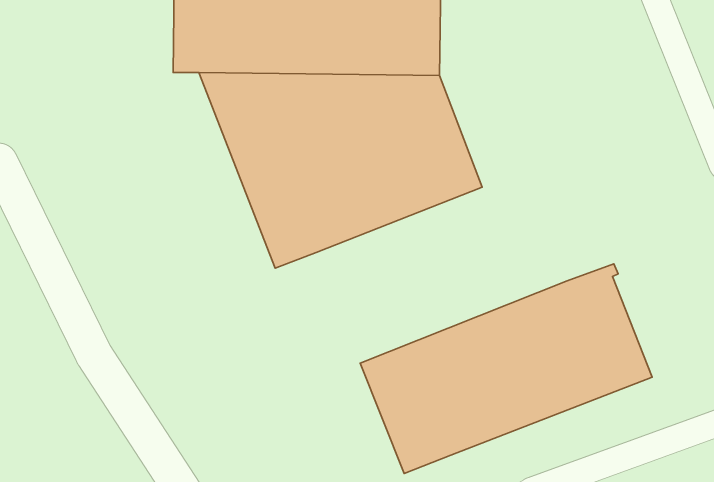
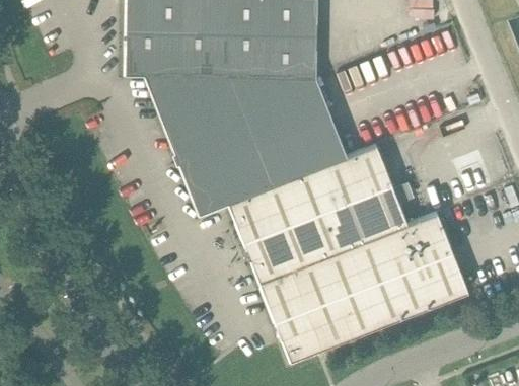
building: none -> [227,144,406,282]

